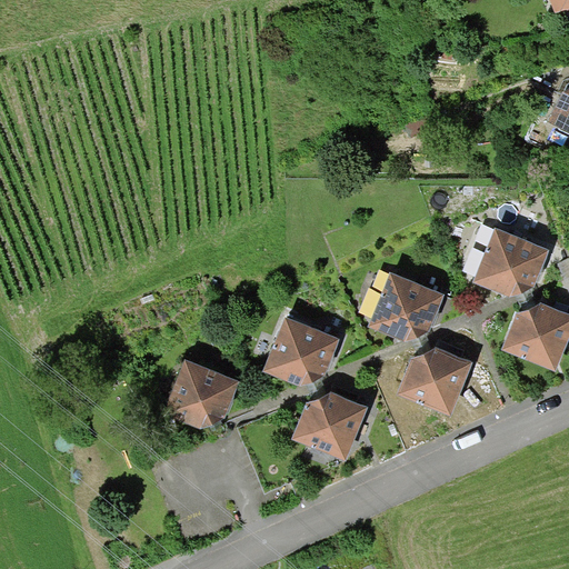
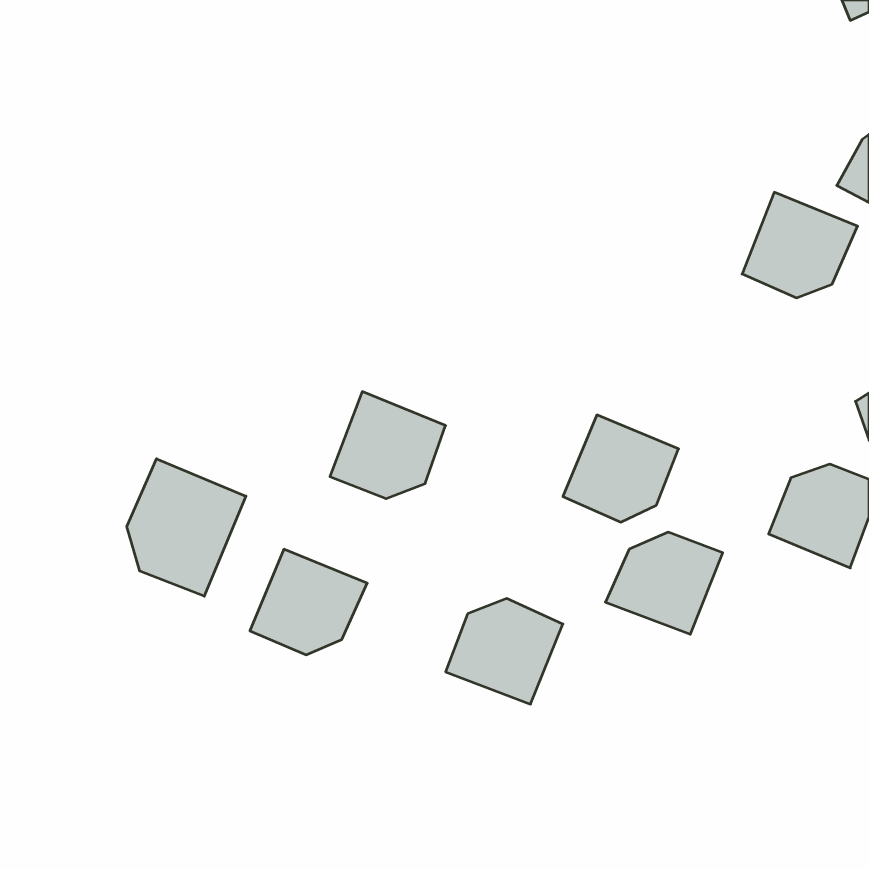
building: [475,228,550,297] -> [742,192,858,298]
building: none -> [127,459,246,596]
building: [264,316,340,386] -> [330,392,446,499]

